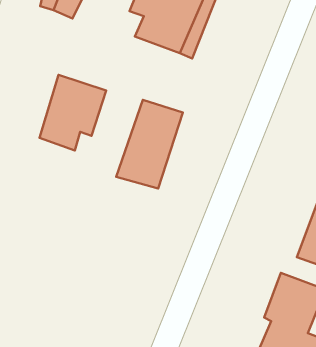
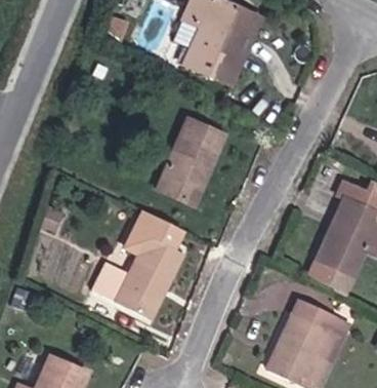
building: [40,75,106,150] -> none
building: none -> [91,207,184,320]

